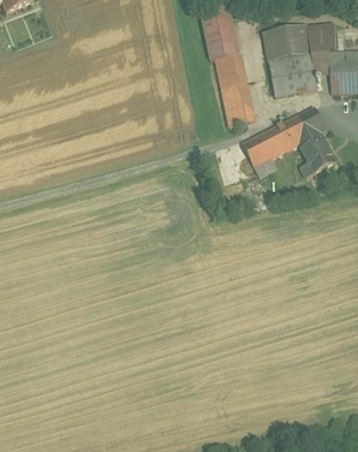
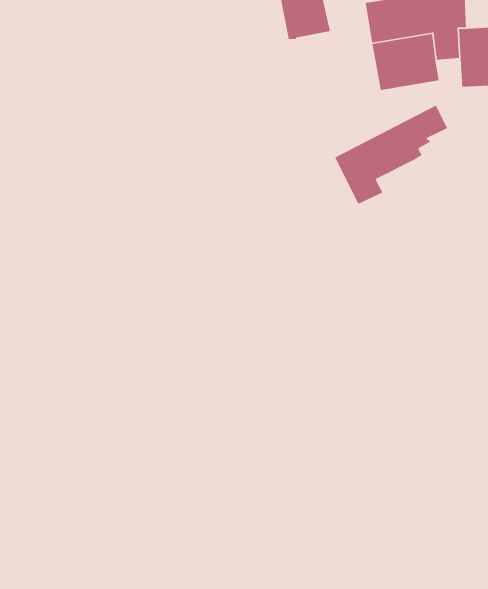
building: [215,55,257,129] -> none
building: [298,124,335,177] -> none

